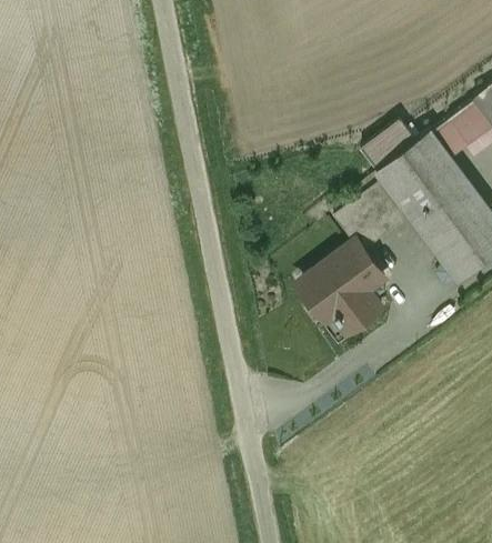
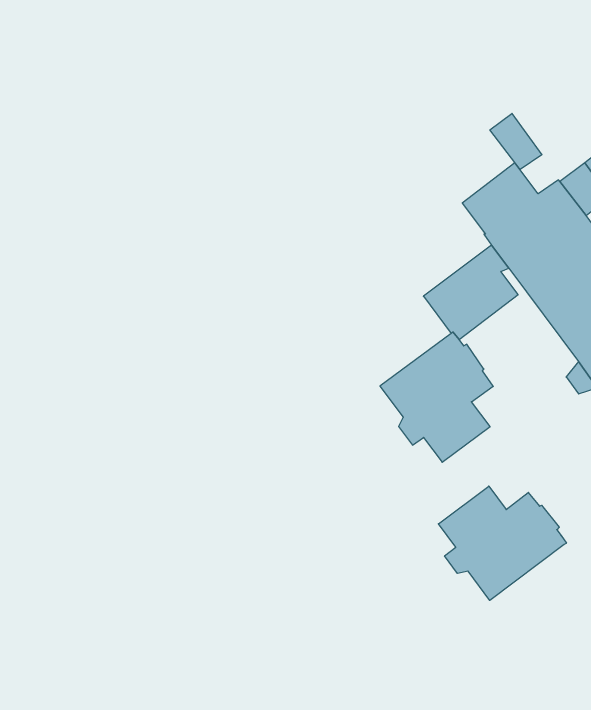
building: none -> [490,113,542,170]
building: none -> [438,486,566,600]

